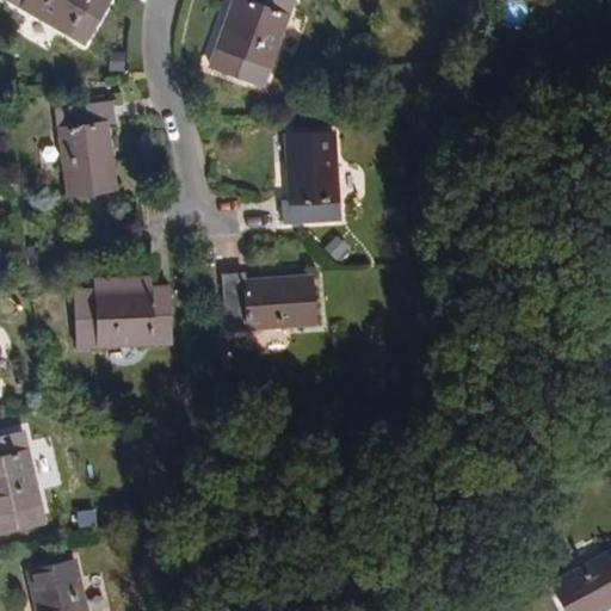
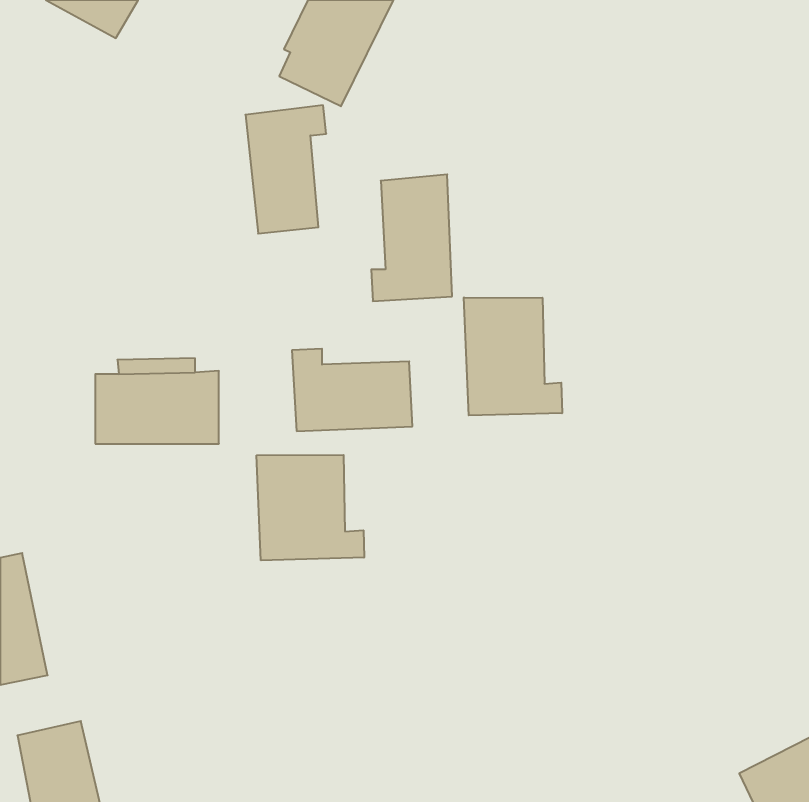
building: [62,99,123,196] -> [245,105,326,234]
building: none -> [464,297,562,415]
building: none -> [257,455,364,560]

